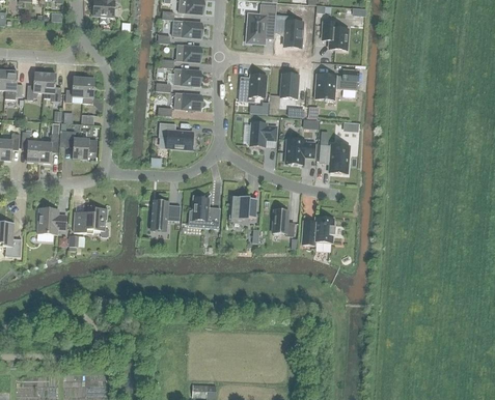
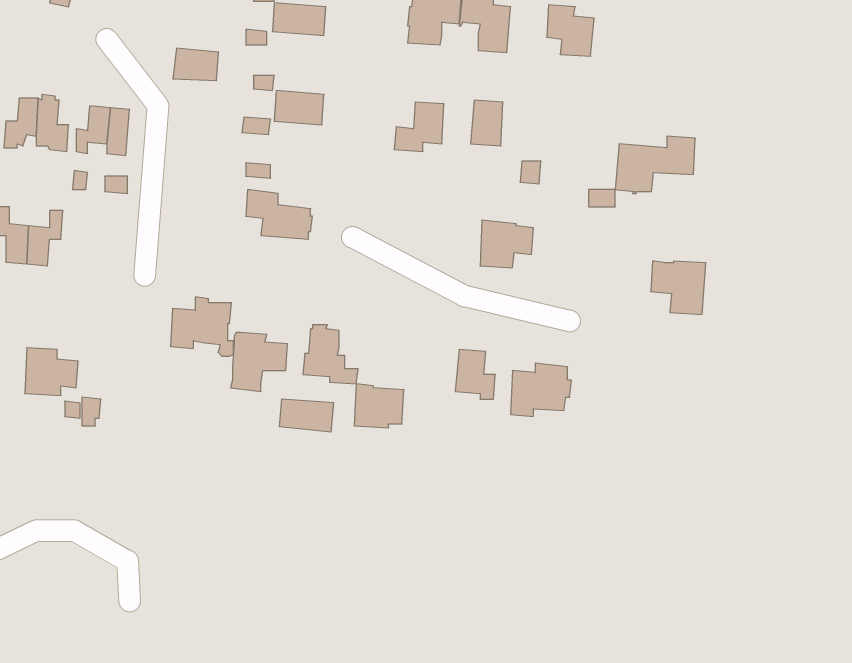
building: [175,44,200,61] -> [173,48,219,81]
building: [314,68,358,99] -> [615,136,695,193]
building: [174,92,201,110] -> none
building: [249,121,276,146] -> none
building: [59,130,97,159] -> none
building: [319,143,349,172] -> [651,261,706,314]
building: [229,195,256,219] -> [354,384,404,428]
building: [74,204,108,236] -> [171,297,233,356]
building: none -> [279,399,333,432]

